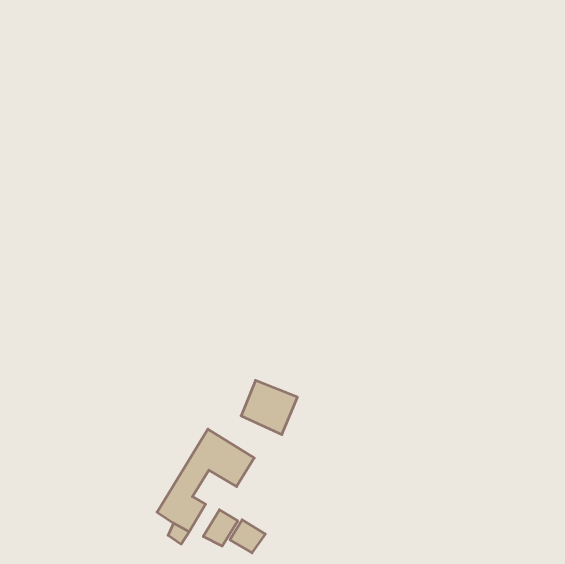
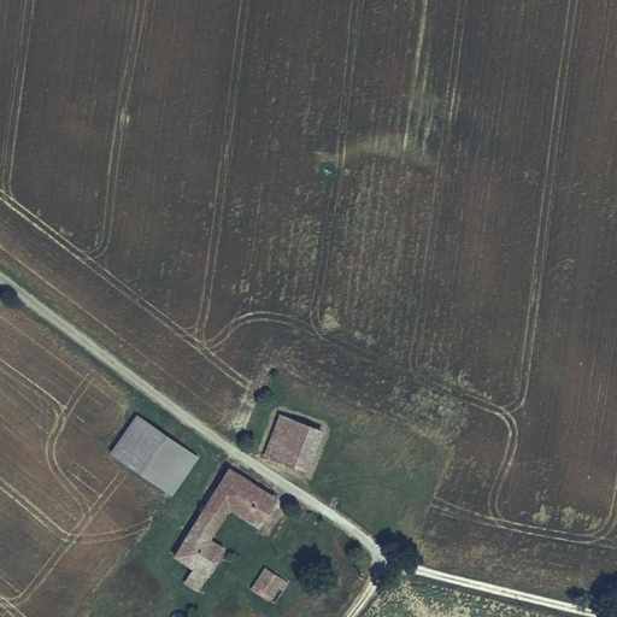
building: none -> [110,416,199,496]
building: [203,510,238,546] -> none

